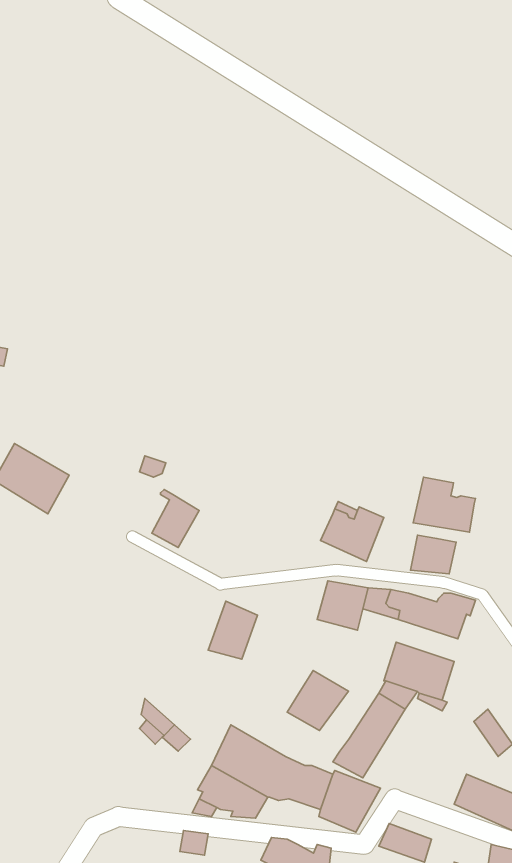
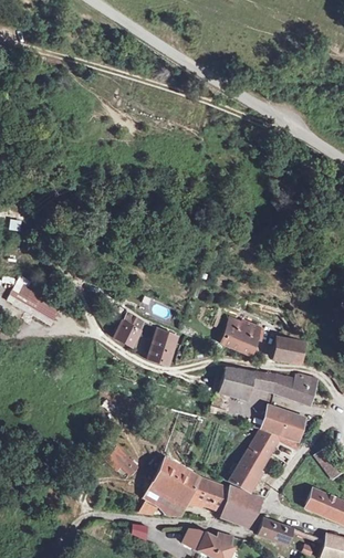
building: [413,477,476,532] -> none
building: [208,601,258,659] -> [146,328,177,365]
building: [287,670,348,730] -> none

